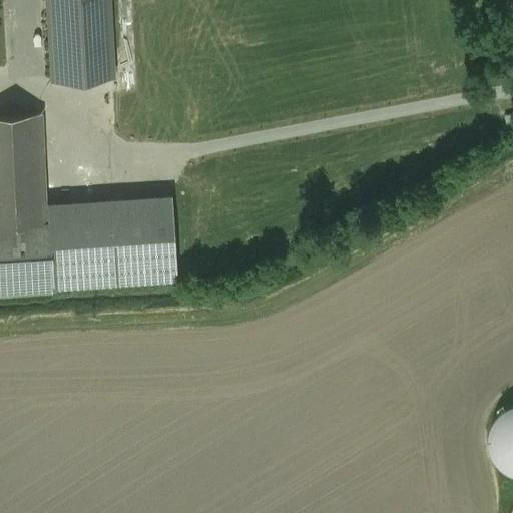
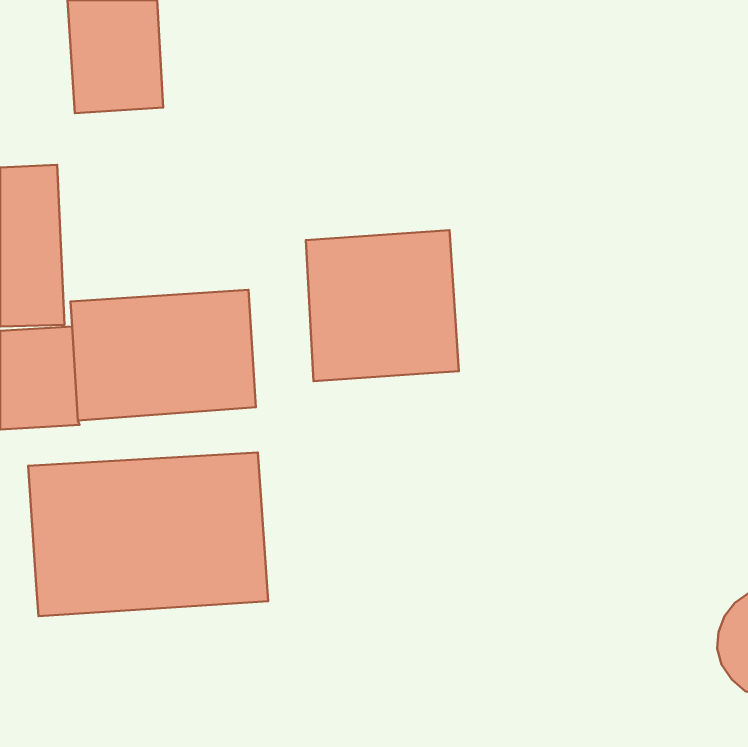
building: none -> [306,230,459,381]
building: none -> [28,453,268,616]

